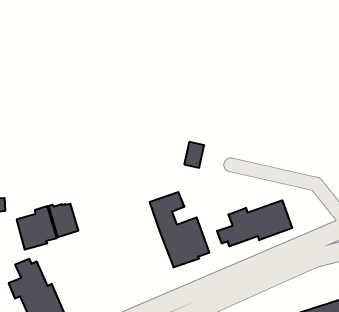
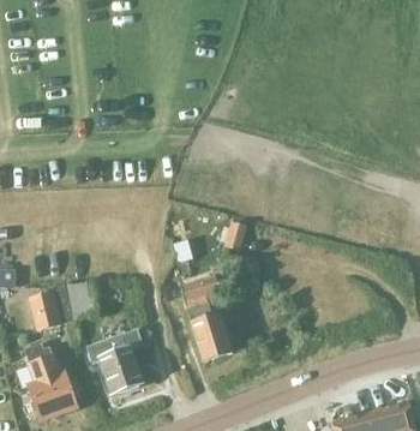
building: [217,200,292,246] -> none
building: none -> [86,329,142,394]

